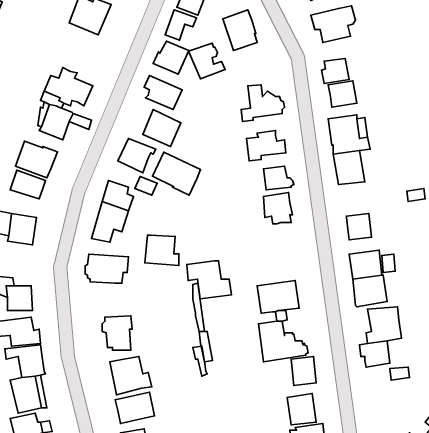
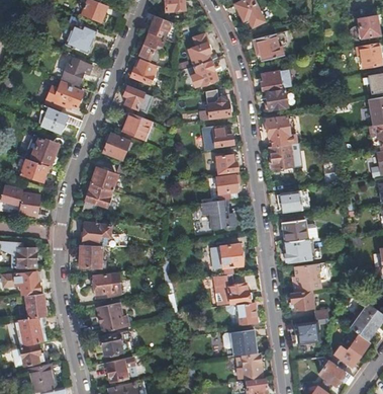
building: none -> [62,58,104,84]
building: [189,43,225,79] -> [192,60,220,87]
building: [152,152,200,195] -> none
building: [145,235,179,266] -> [78,244,104,267]
building: [187,261,232,299] -> [201,200,235,229]
building: none -> [293,322,318,343]

